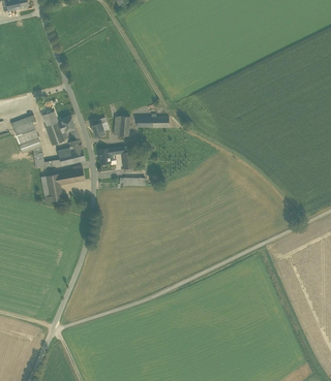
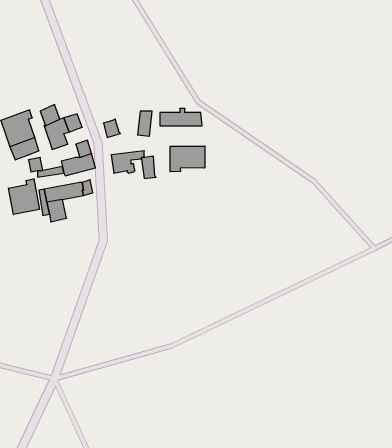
building: none -> [170,146,205,172]
building: none -> [9,179,40,215]

